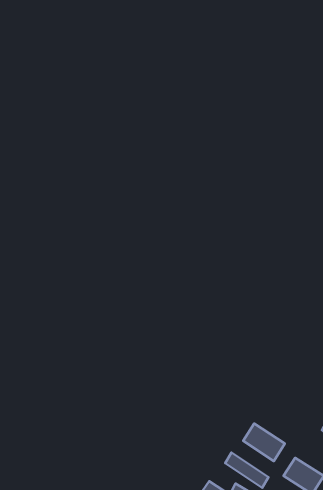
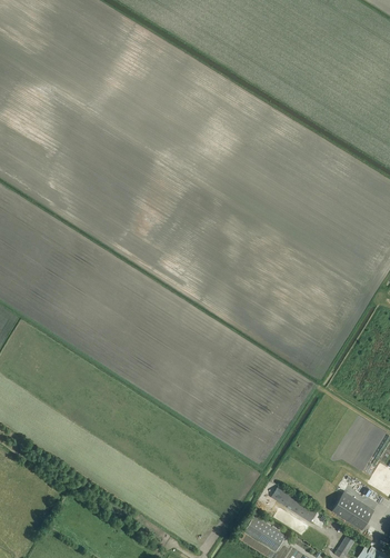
building: [243,423,285,461] -> none

